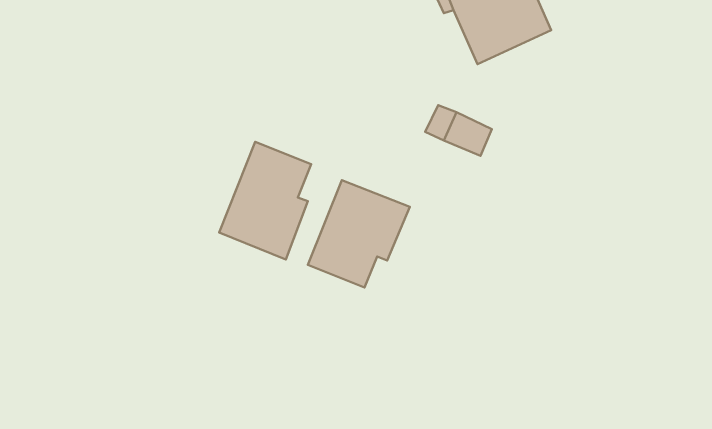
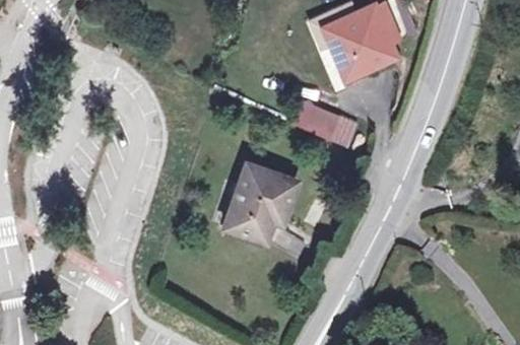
building: [219,142,311,259] -> none

